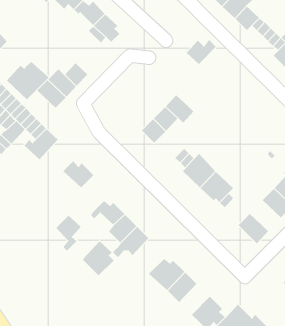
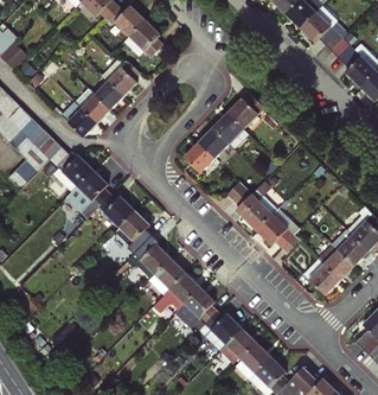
building: [186,39,217,65] -> [230,101,267,132]
building: none -> [103,57,140,94]
building: [6,61,50,100] -> none
building: none -> [68,171,108,221]
building: none -> [318,243,354,280]
building: [56,215,81,252] -> [117,214,148,257]
building: [82,240,115,276] -> [177,288,216,331]
building: none -> [233,343,270,380]

